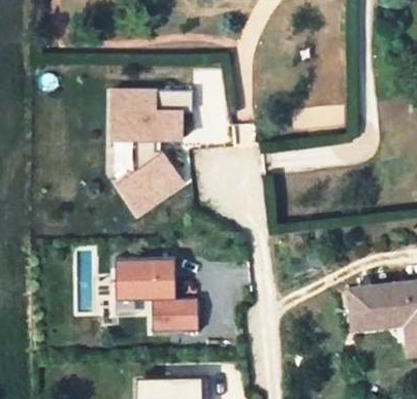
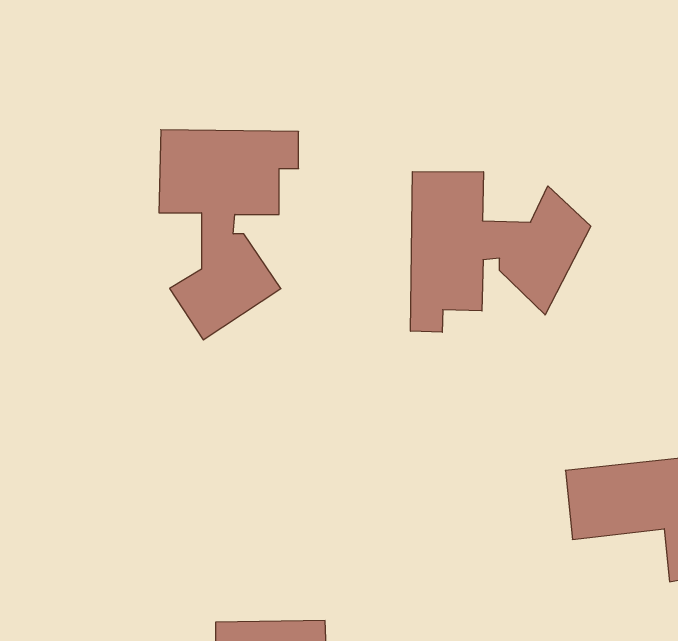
building: none -> [411,172,591,332]
building: [114,258,198,331] -> none

